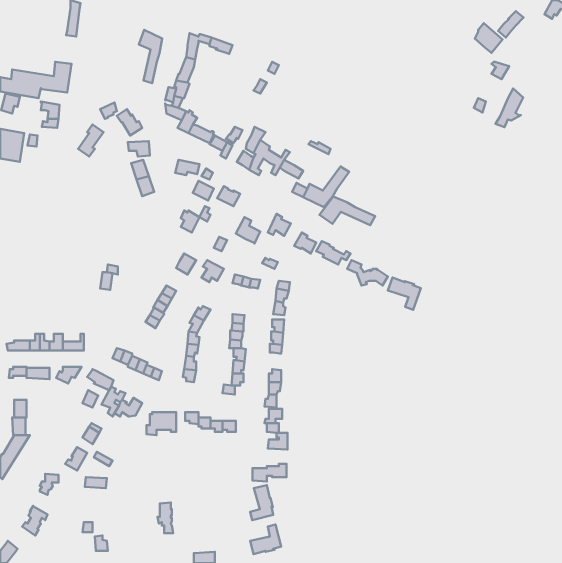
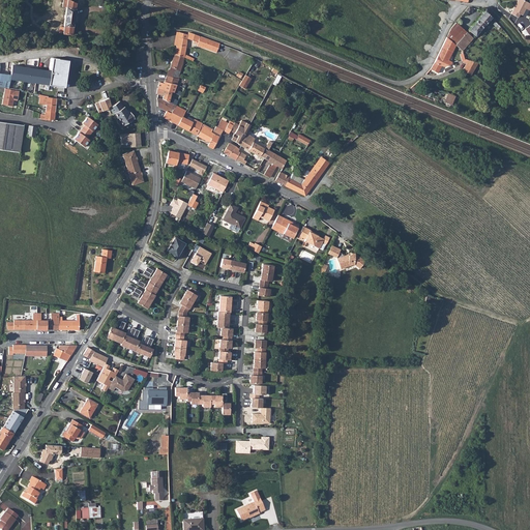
building: [139,30,162,83] -> none
building: [496,89,523,127] -> [431,36,457,72]
building: [319,196,375,225] -> none
building: [388,278,421,310] -> none
building: [250,485,273,520] -> none

